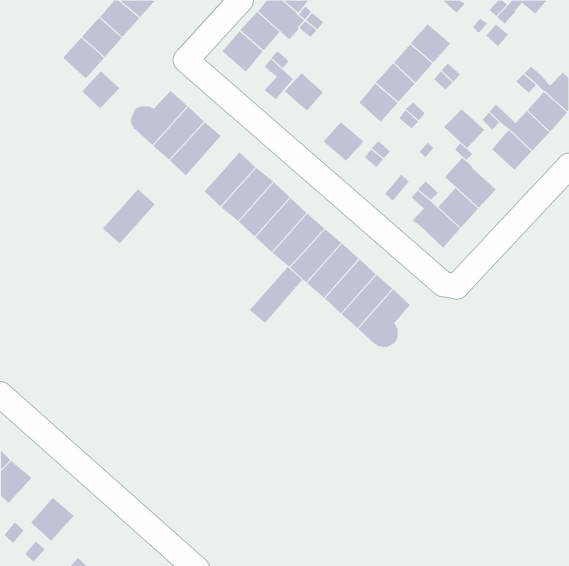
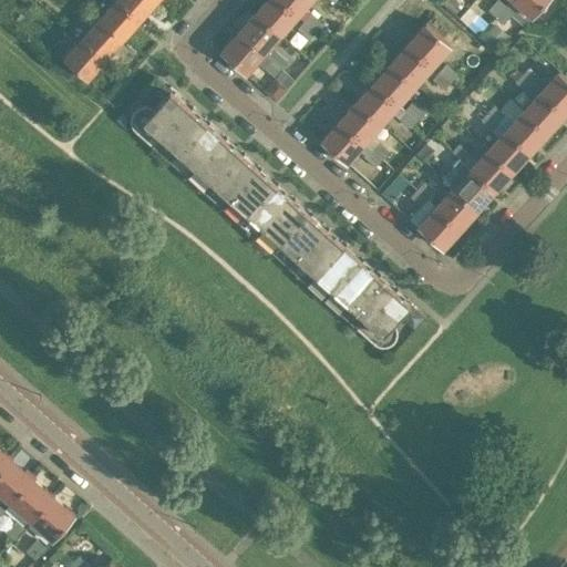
building: [82,71,120,109] -> none
building: [284,72,324,111] -> [339,105,379,144]
building: [444,109,485,149] -> [471,152,512,192]
building: [102,189,156,244] -> [185,138,238,194]
building: [249,266,303,324] -> none
building: none -> [9,478,52,523]

